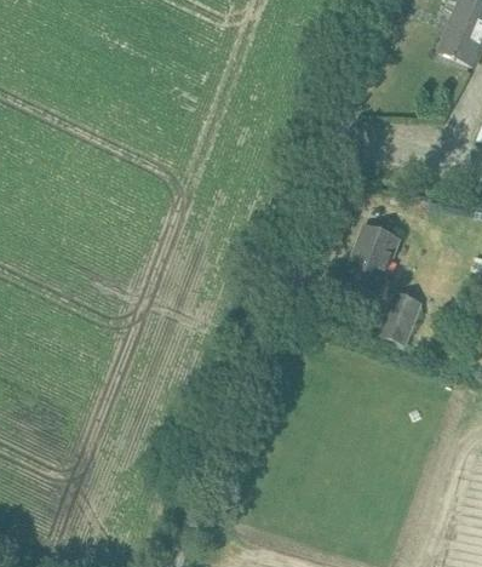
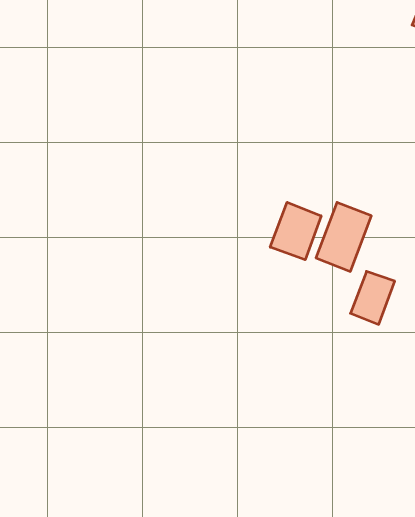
building: none -> [270,202,321,260]

